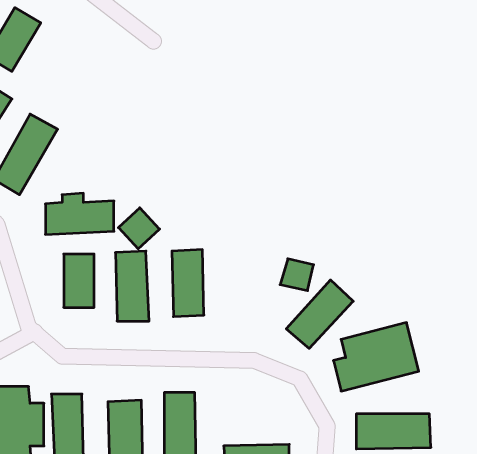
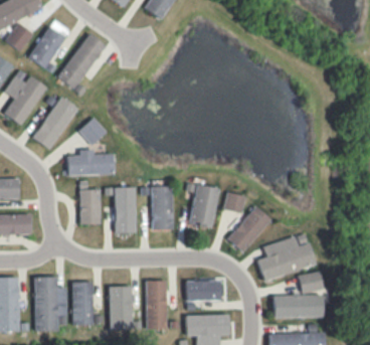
building: none -> [58,33,106,90]
building: [118,208,160,249] -> [79,118,107,145]
building: none -> [189,184,219,227]
building: none -> [298,271,324,294]
building: none -> [187,281,221,301]

